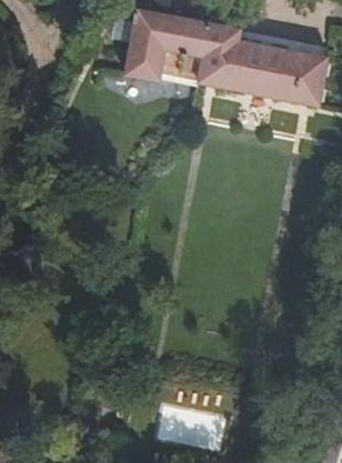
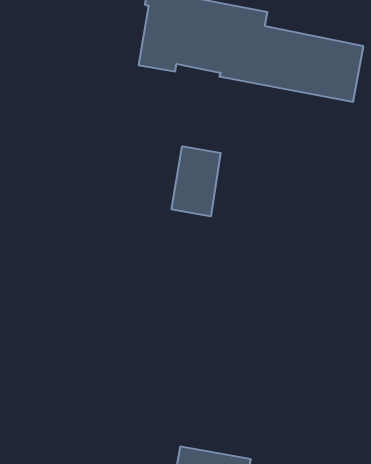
building: none -> [171,146,221,216]

